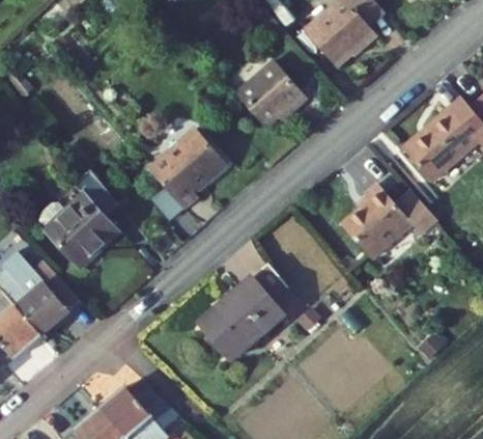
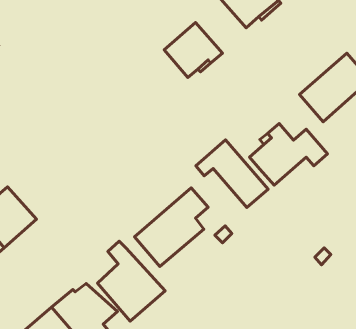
building: [148,128,227,209] -> none
building: [38,169,117,267] -> none
building: none -> [196,140,268,208]
building: none -> [97,241,165,321]

